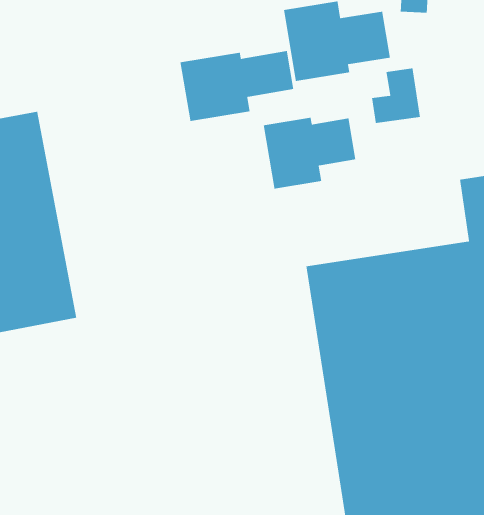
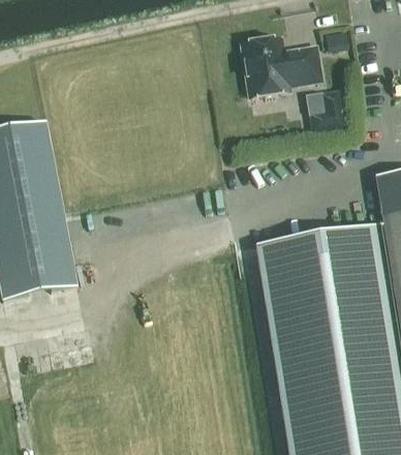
building: [180,50,294,122] -> none
building: [263,117,356,190] -> none

